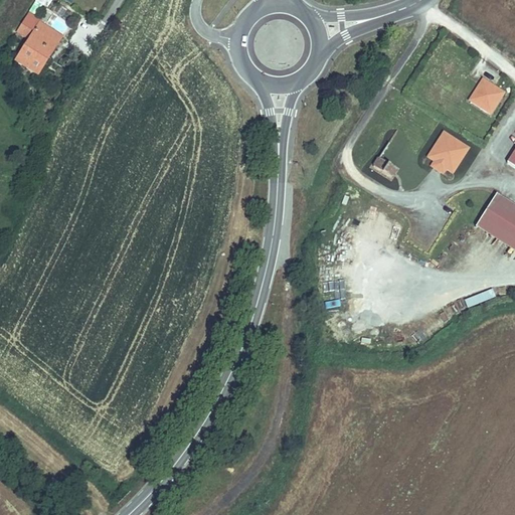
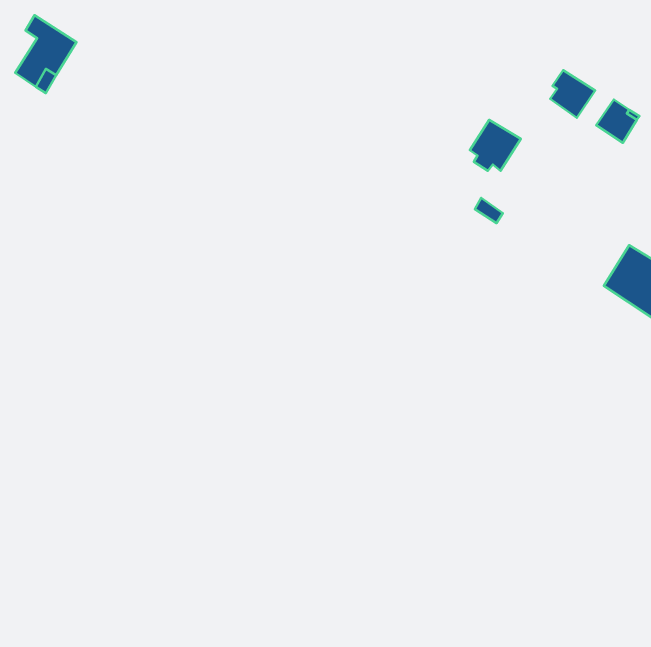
building: none -> [550,70,595,118]
building: [430,132,470,172] -> [470,120,521,171]

